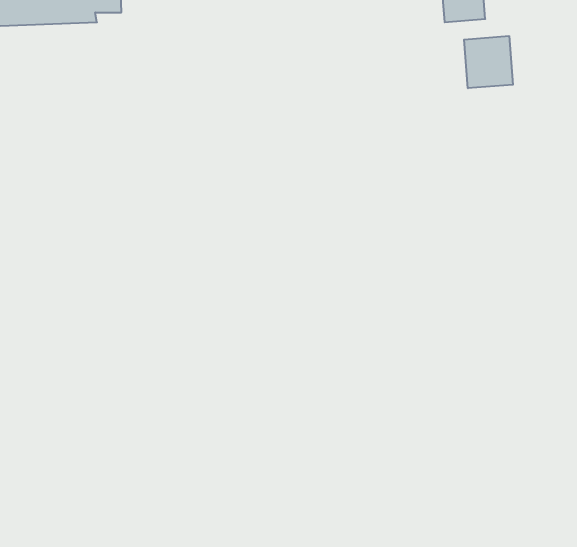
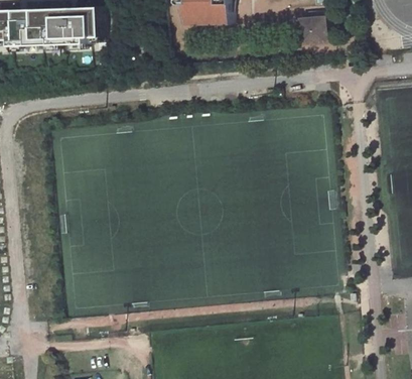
building: [464,36,513,88] -> none

